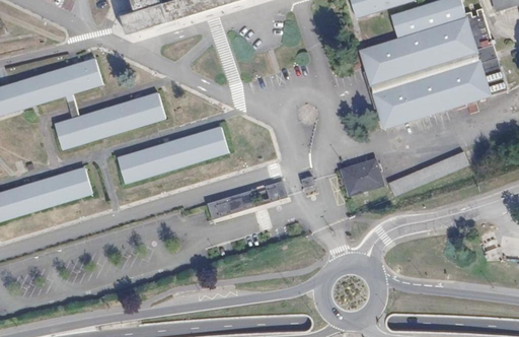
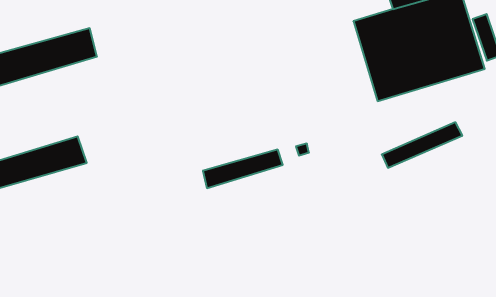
building: [53,92,164,153] -> none
building: [117,125,228,183] -> none
building: [341,158,383,194] -> none

